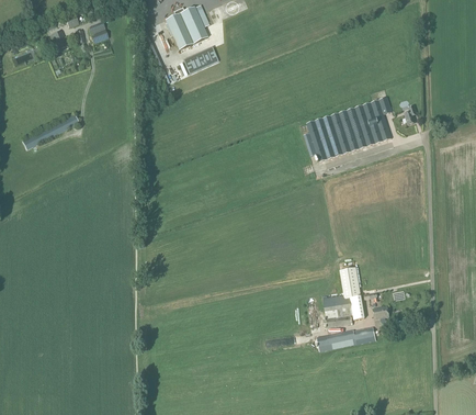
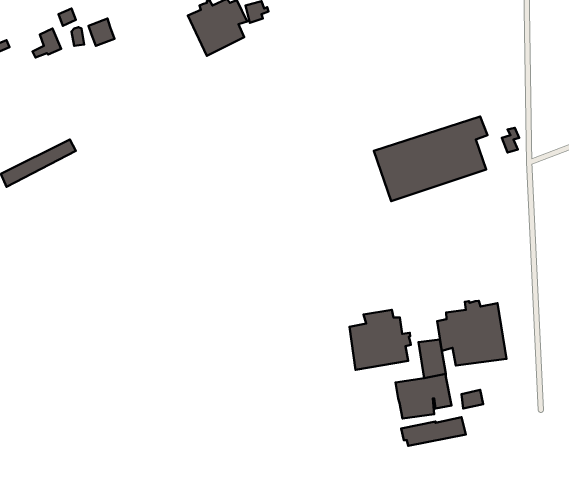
building: none -> [437,301,507,365]
building: none -> [350,310,411,370]

